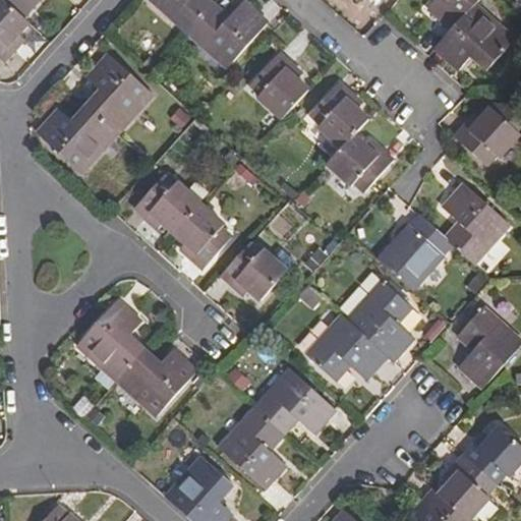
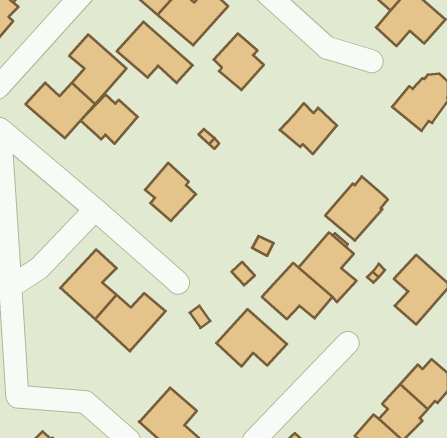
building: none -> [117,22,193,83]
building: [311,82,368,148] -> none
building: [134,176,199,232] -> [81,95,138,144]
building: [443,184,509,264] -> none
building: [220,243,286,299] -> none
building: [218,407,285,487] -> none

